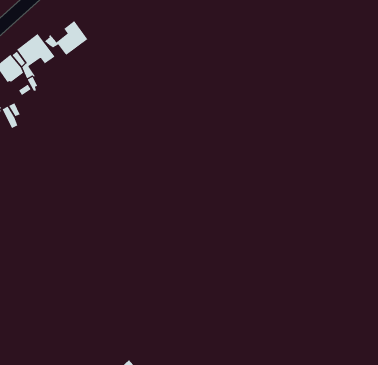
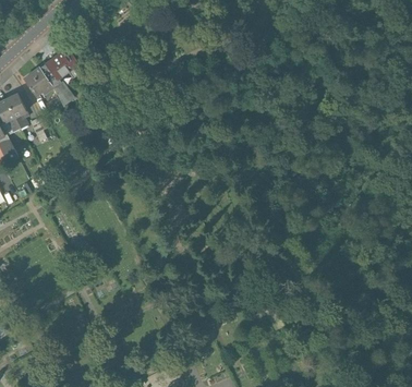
building: [44,20,88,56] -> none

